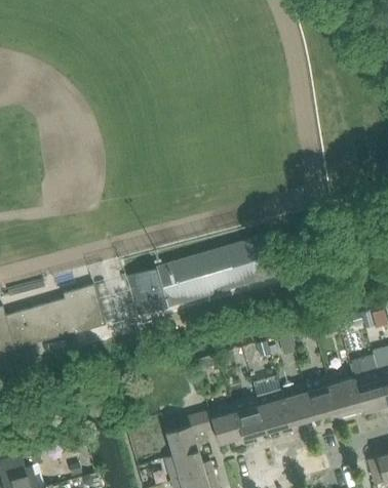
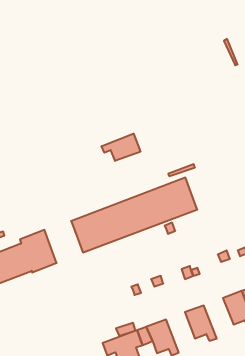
building: none -> [102,134,140,161]
building: [280,384,314,433] -> none
building: [233,398,266,446] -> none

